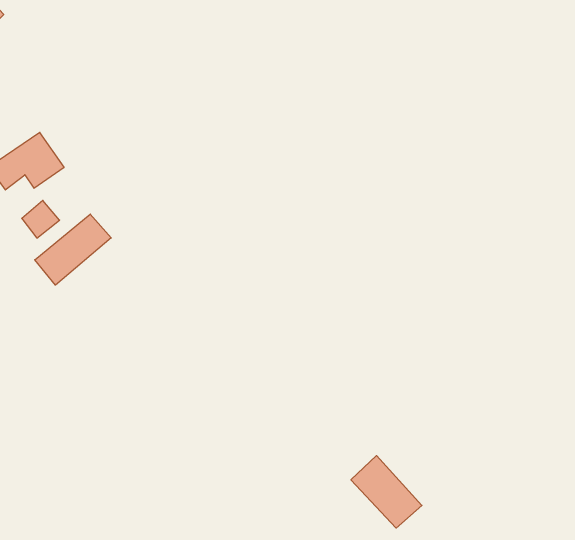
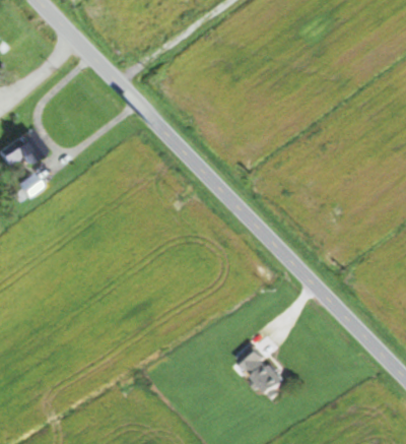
building: [35,214,111,285] -> none

